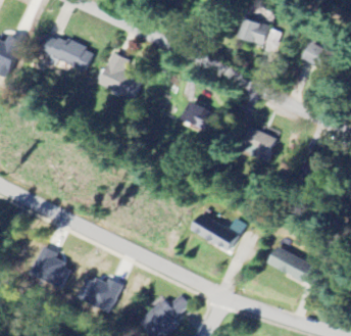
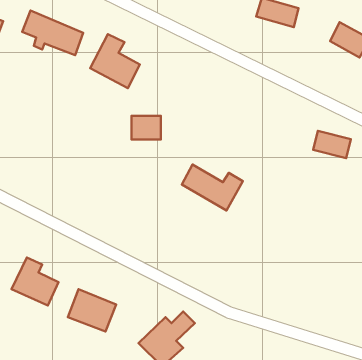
building: [183,106,208,127] -> [131,116,161,139]
building: [241,128,273,151] -> [313,131,351,158]
building: [188,211,241,251] -> [182,165,243,210]
building: [262,246,317,283] -> none

